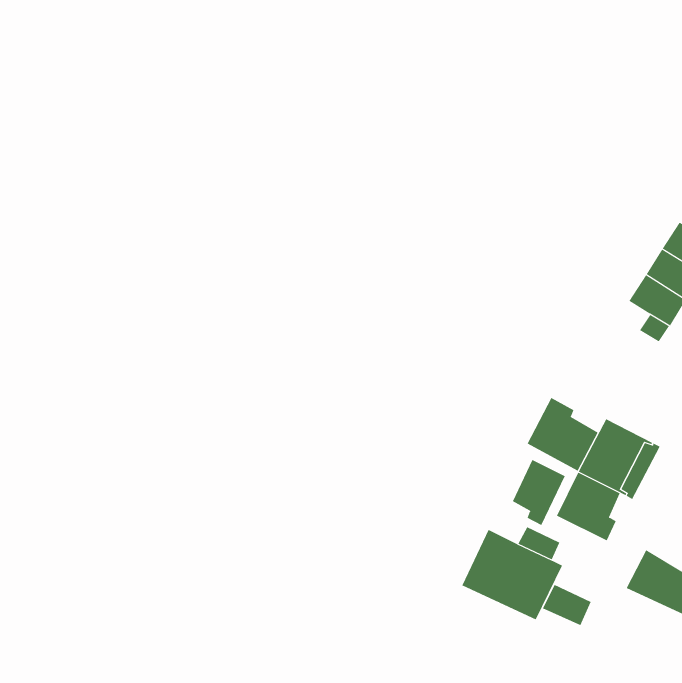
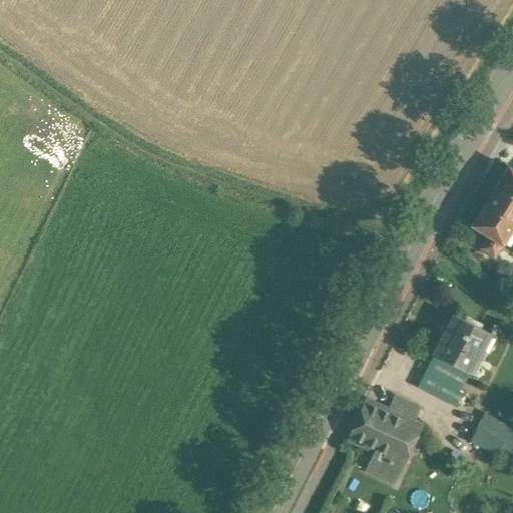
building: [527,397,599,471] -> none
building: [512,459,566,526] -> none
building: [542,584,591,626] -> [366,452,403,483]

